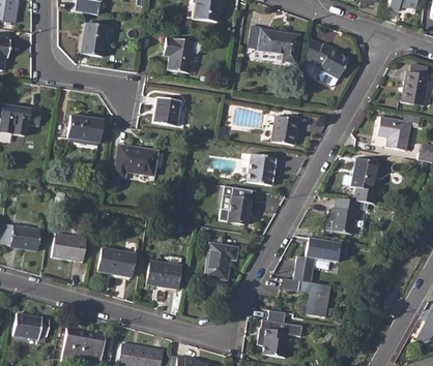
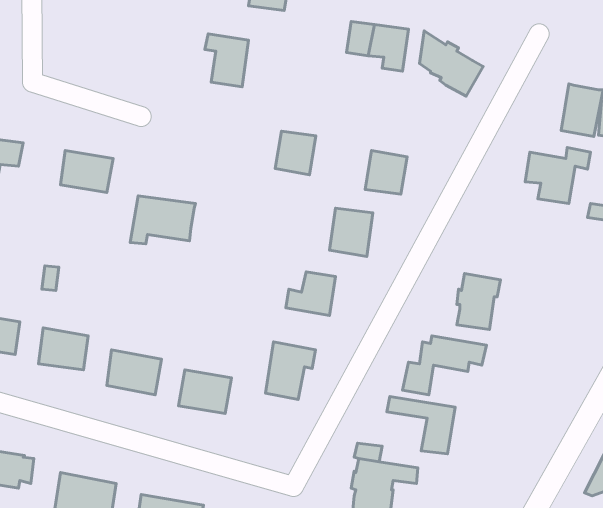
building: [81,23,107,57] -> none
building: [153,97,180,126] -> [275,131,316,175]
building: [350,157,377,190] -> none

